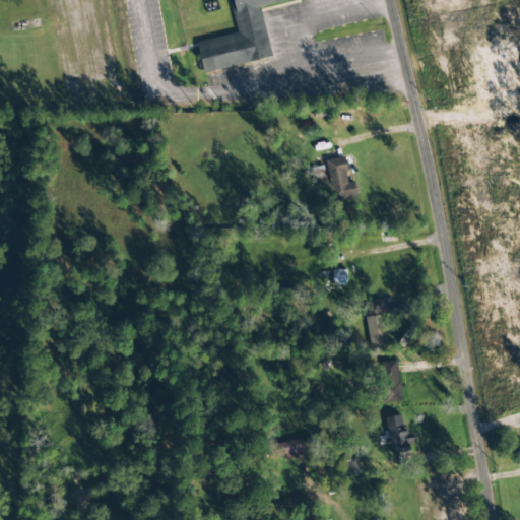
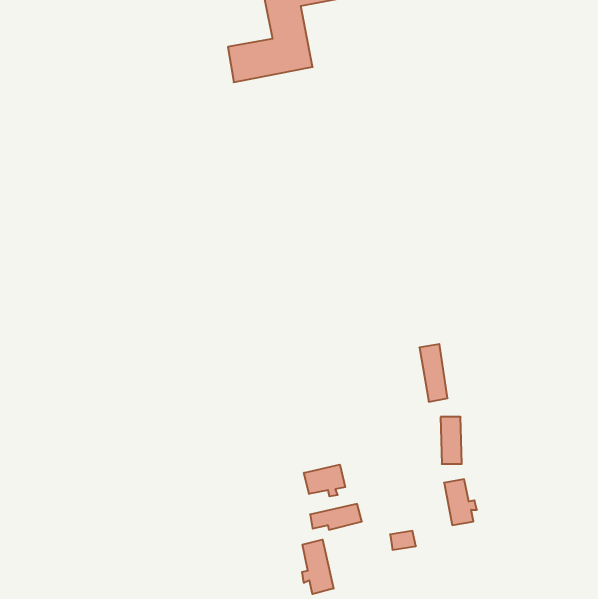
building: [329,156,359,199] -> none
building: none -> [304,465,345,496]
building: none -> [302,540,334,594]

